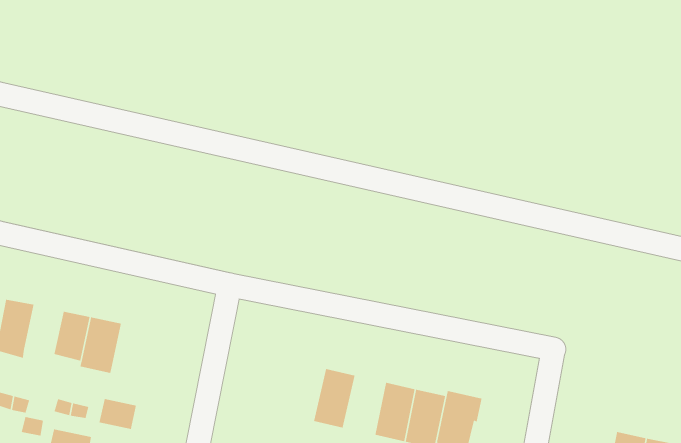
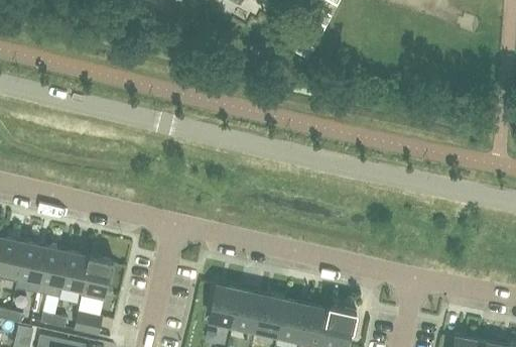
building: none -> [19,242,47,279]
building: none -> [83,256,114,300]
building: none -> [209,284,241,329]
building: none -> [254,295,285,339]

